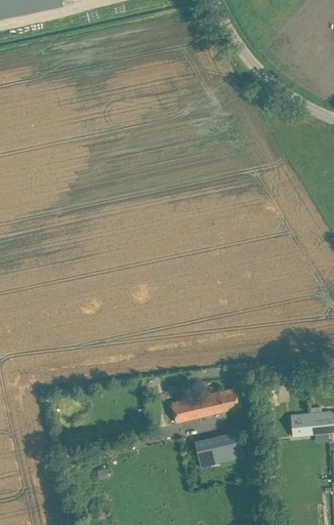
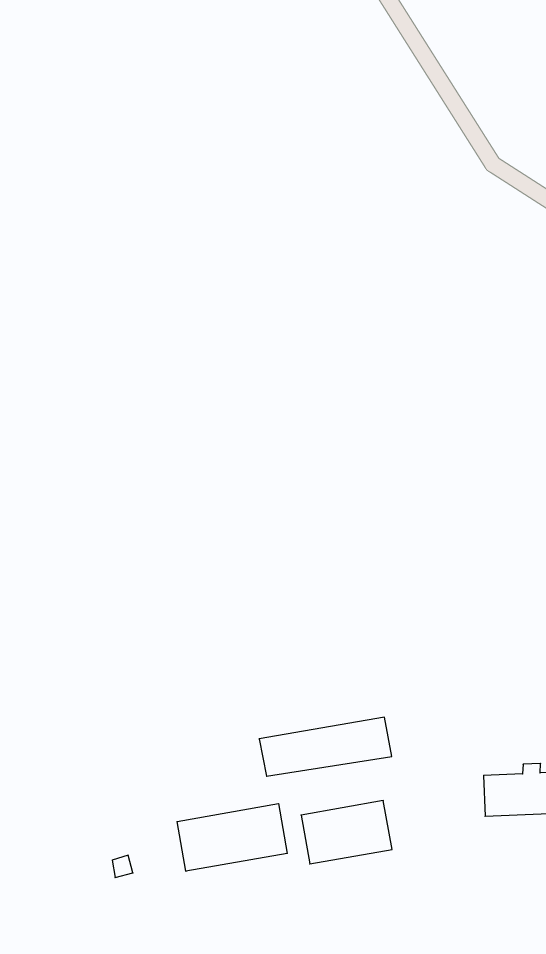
building: none -> [177,804,287,871]

